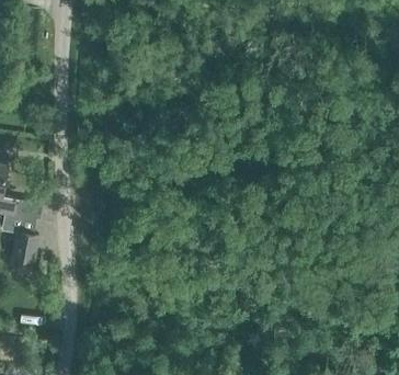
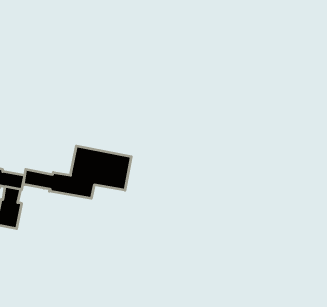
building: none -> [23,146,131,198]

